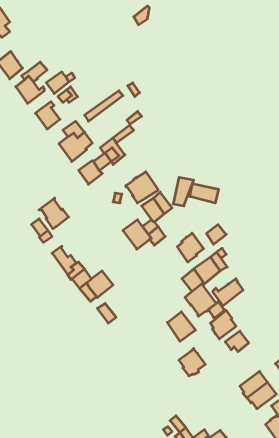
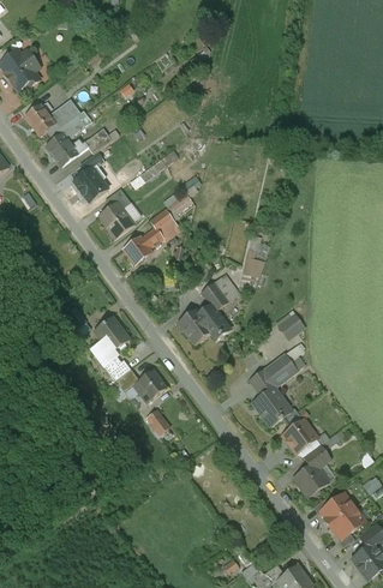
building: none -> [47,97,80,134]
building: [126,172,158,203] -> none
building: [190,184,218,203] -> none
building: [39,198,69,229] -> [94,316,130,353]
building: [177,233,204,262] -> none
building: [213,279,243,306] -> none
building: [167,312,195,341] -> none
building: [179,348,205,376] -> [295,462,328,496]

